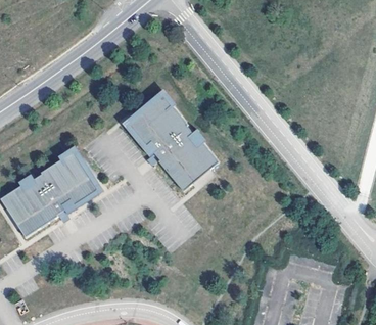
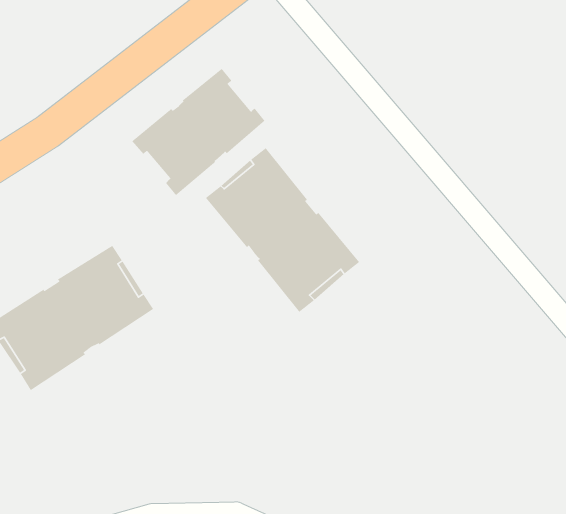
building: none -> [131,68,266,196]

